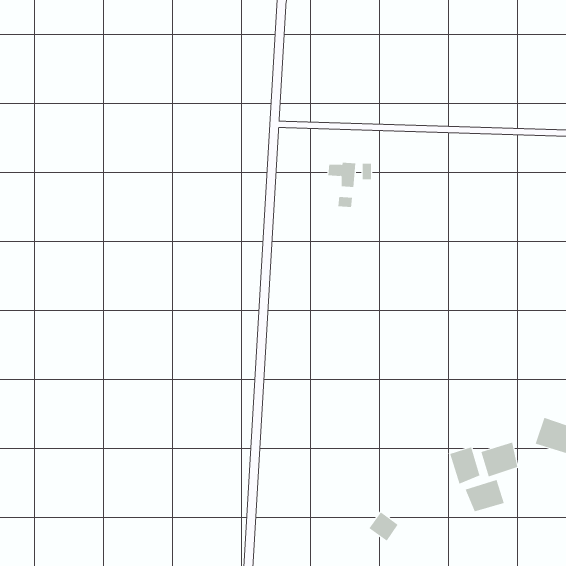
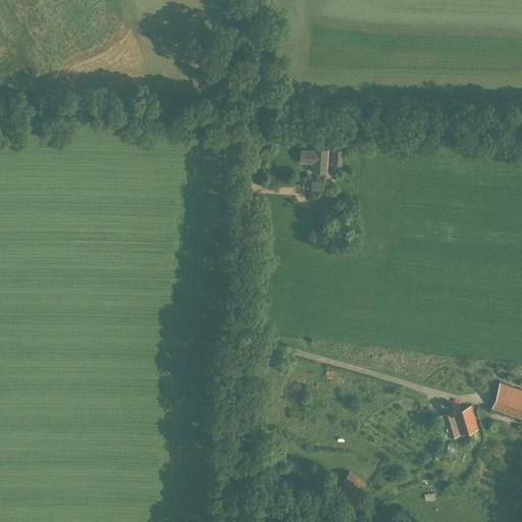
building: [449,446,480,485] -> none
building: [465,479,505,512] -> none

